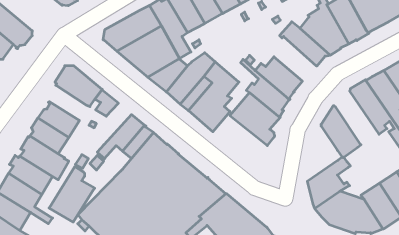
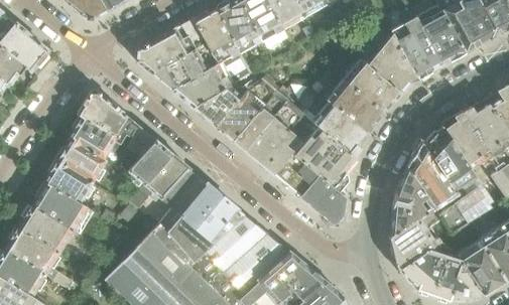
building: none -> [349,57,401,113]
building: none -> [71,118,116,161]
building: none -> [425,125,497,234]
building: none -> [128,140,172,191]
building: none -> [273,153,346,221]
building: none -> [390,168,428,237]
building: [49,167,95,222] -> none

